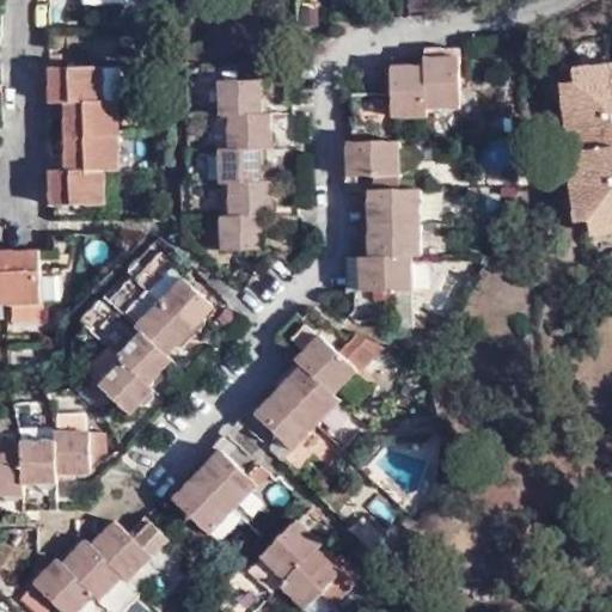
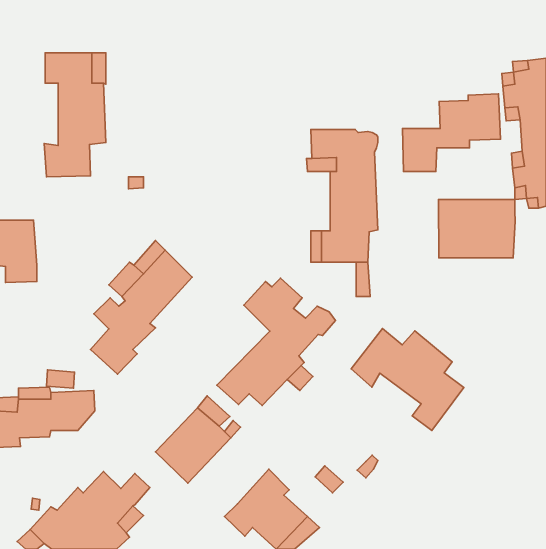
building: [347,57,455,143] -> [402,94,501,172]
building: [216,80,271,251] -> none
building: none -> [438,200,515,258]
building: none -> [351,329,464,431]

